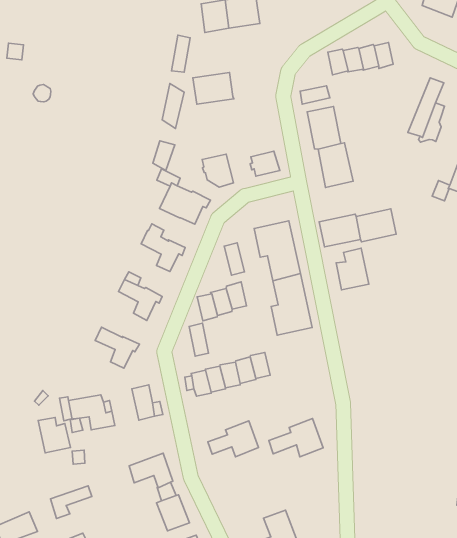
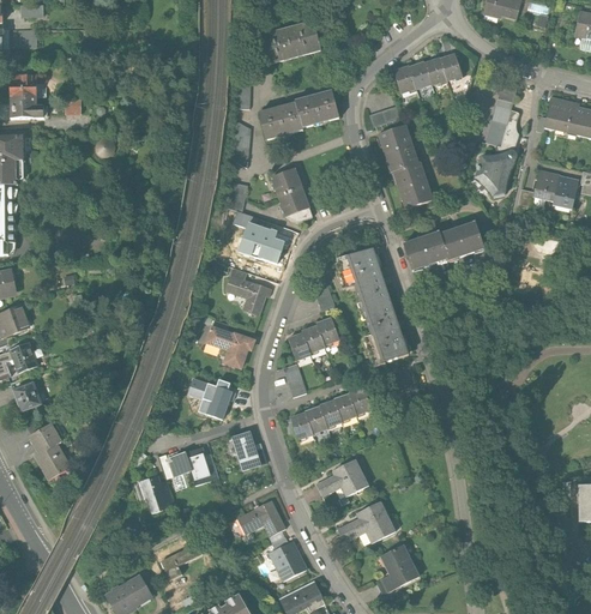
building: none -> [294,90,338,126]
building: none -> [475,148,517,193]
building: [250,151,280,176] -> [270,167,301,194]
building: [336,248,369,290] -> none
building: [269,419,323,457] -> [338,500,394,541]

